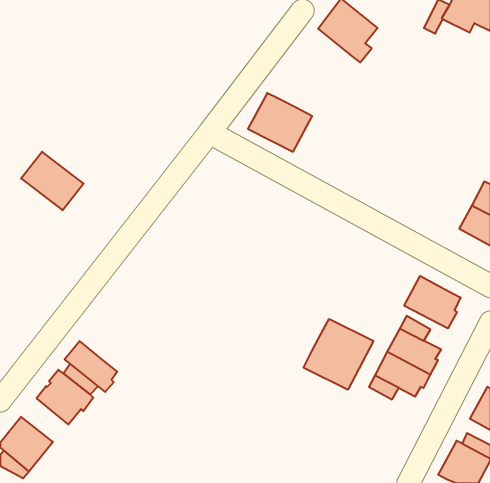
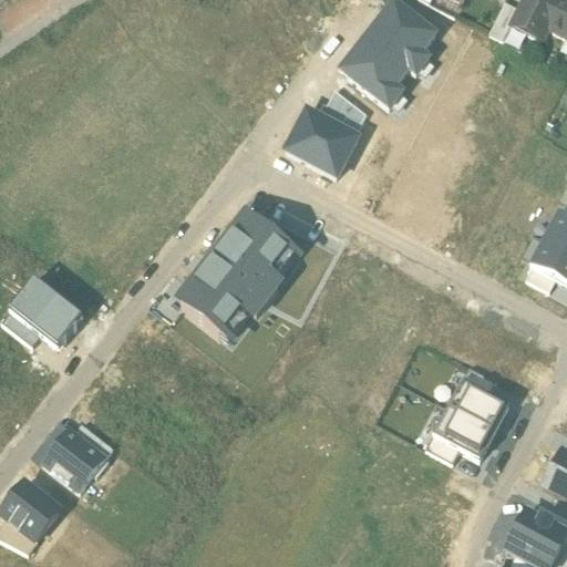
building: none -> [340,33,409,106]
building: none -> [320,89,368,124]
building: [21,152,84,210] -> [9,279,81,347]
building: none -> [182,215,291,334]
building: [404,276,461,328] -> none
building: [304,319,373,390] -> none
building: [65,341,117,392] -> none

